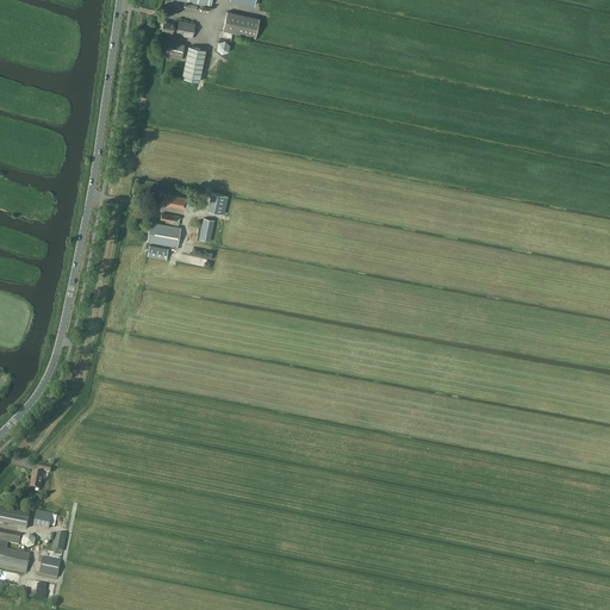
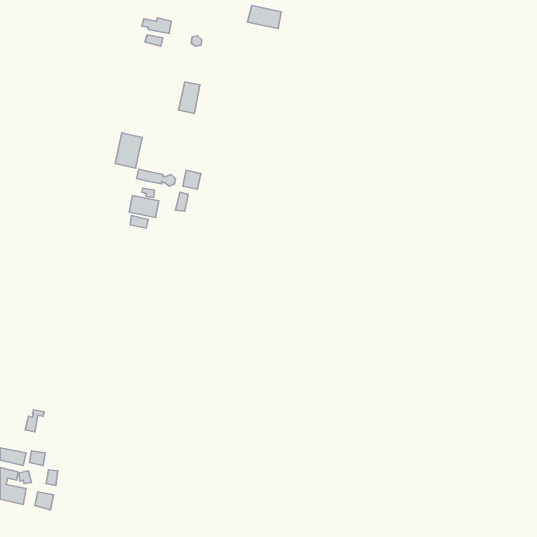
building: [222,11,260,37] -> [248,5,281,28]
building: [181,45,205,81] -> [179,82,200,113]
building: none -> [115,133,142,168]

